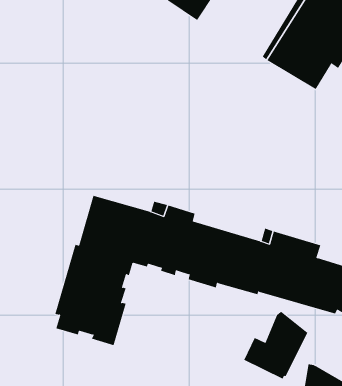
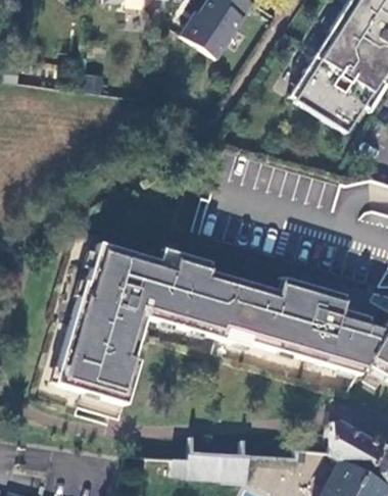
building: [244,311,308,379] -> none

